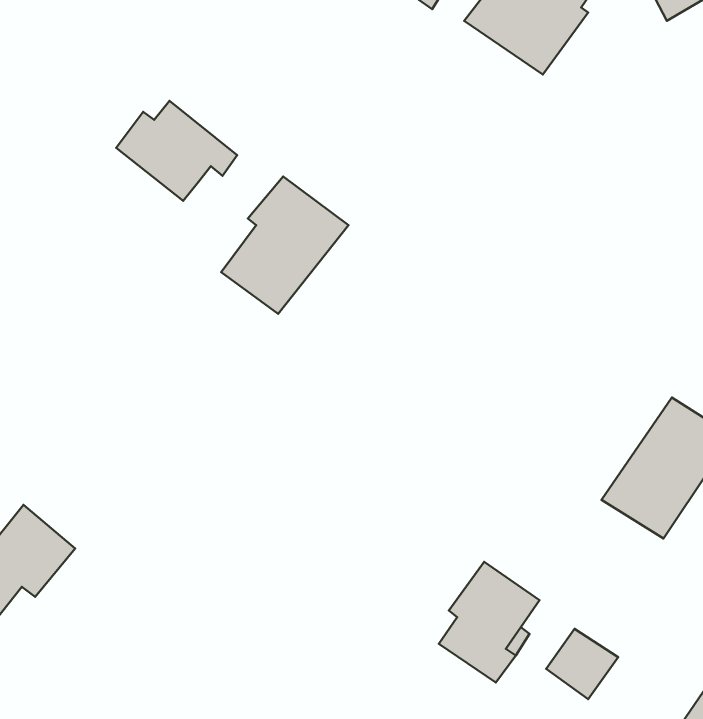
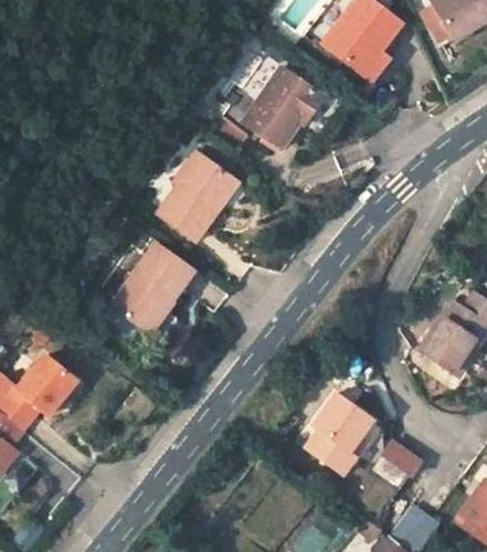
building: none -> [243,64,327,144]
building: [116,101,237,201] -> none
building: none -> [108,236,201,333]

